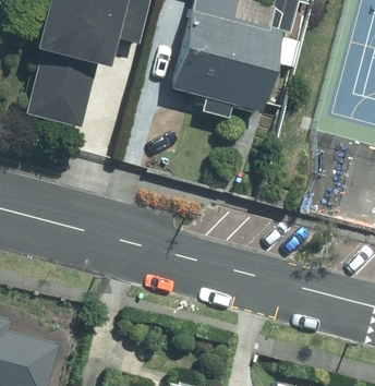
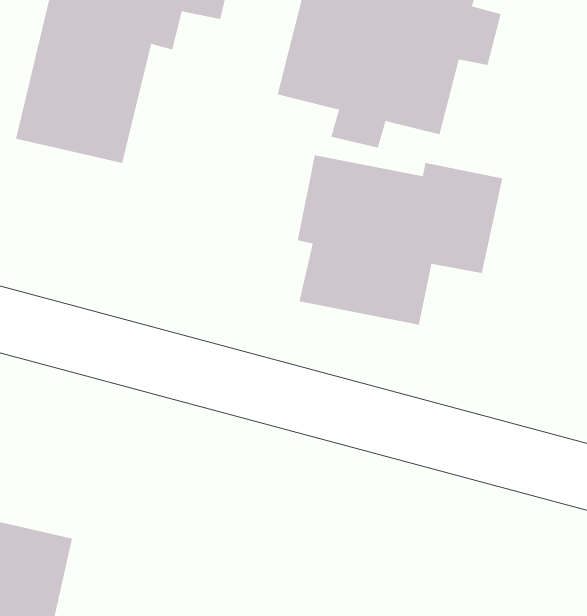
building: none -> [297,155,503,325]

